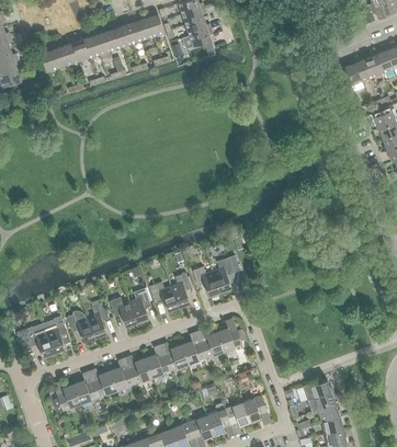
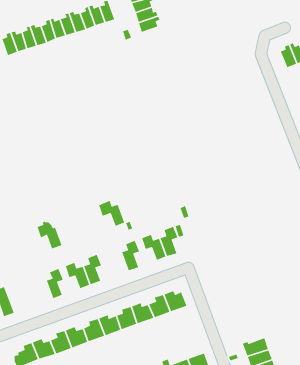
building: [148,282,178,311] -> [98,200,125,227]
building: [67,310,95,342] -> [36,220,63,250]
building: [43,316,66,353] -> none

